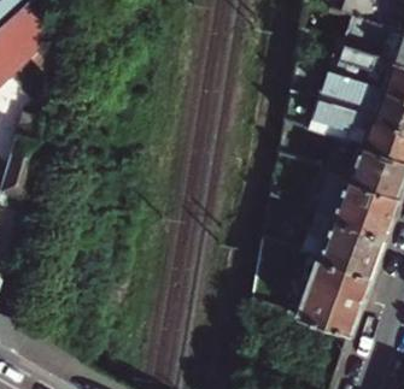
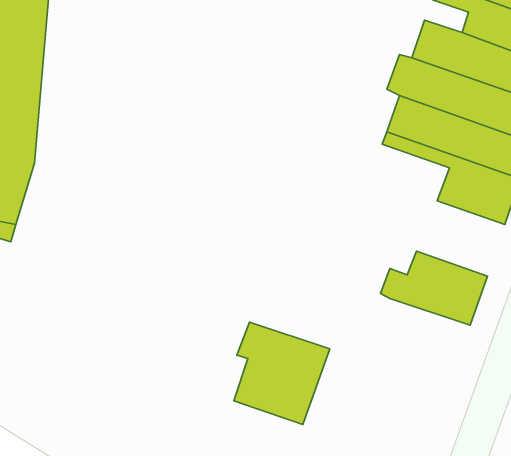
building: [316,175,398,238] -> none
building: [298,255,371,334] -> [234,322,330,424]

